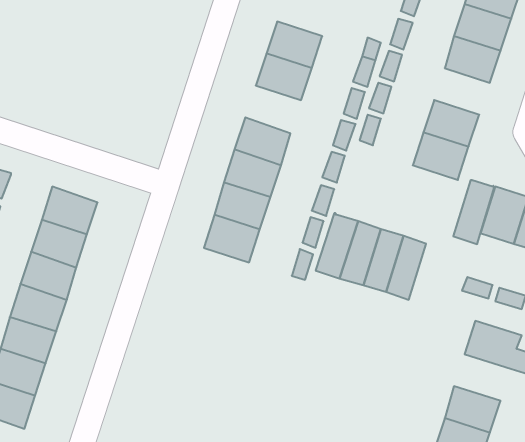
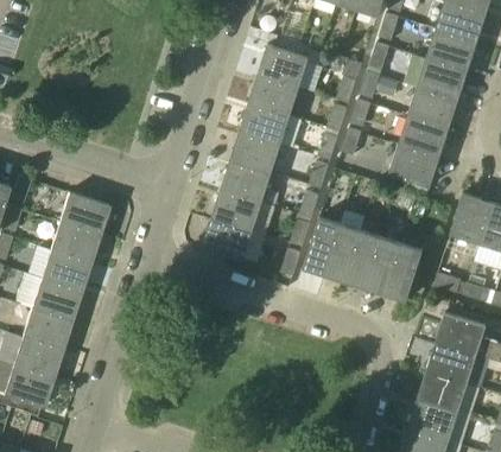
building: none -> [407,88,457,129]
building: none -> [239,103,300,148]
building: [453,180,495,244] -> [385,244,421,301]
building: none -> [425,343,476,384]

